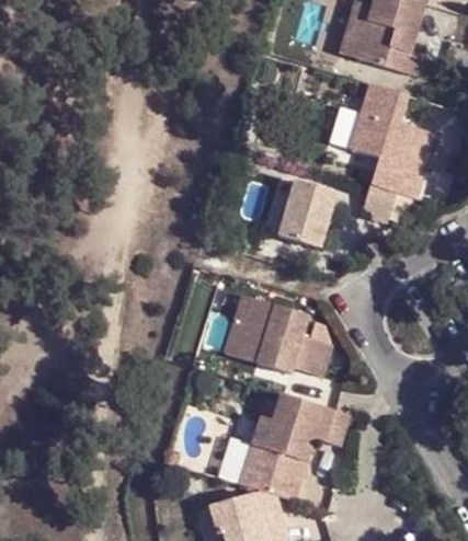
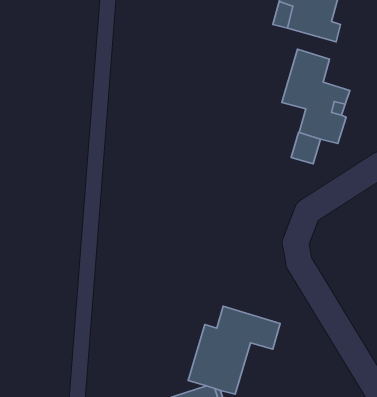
building: [278,181,335,248] -> none
building: [226,293,332,375] -> none

